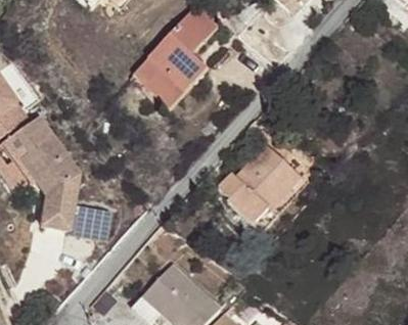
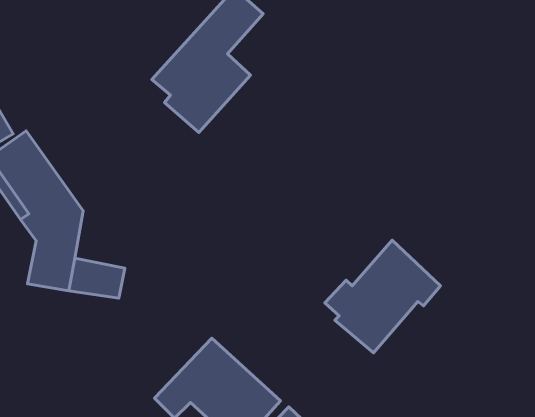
building: [220,140,303,221] -> [325,240,441,353]

